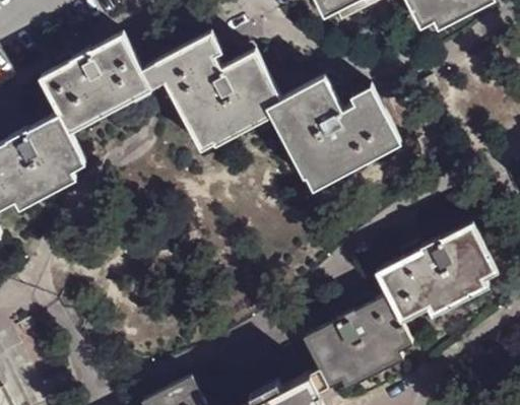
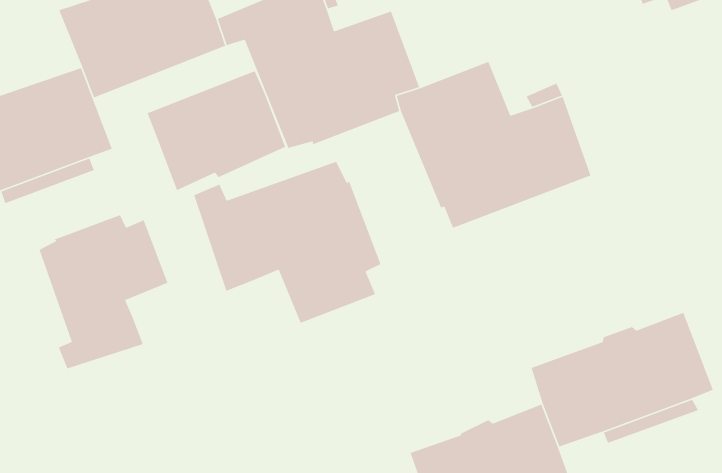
building: none -> [146,70,286,191]
building: none -> [193,161,381,324]
building: none -> [38,214,168,370]

